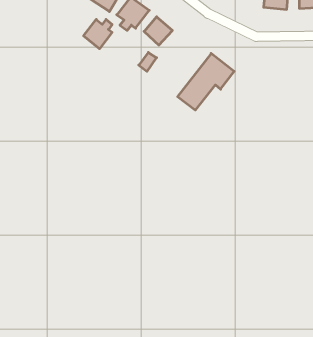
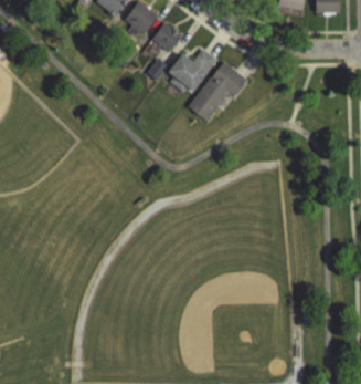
building: [84,19,112,49] -> none
building: none -> [166,49,216,94]

